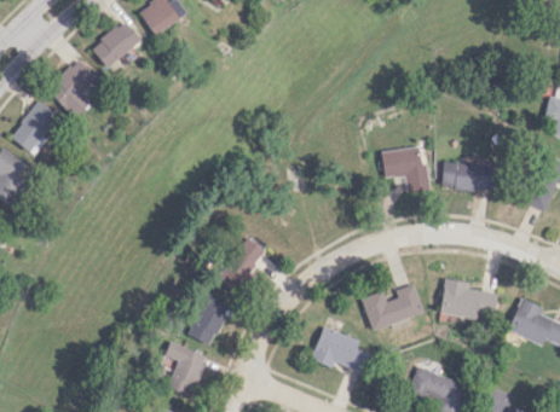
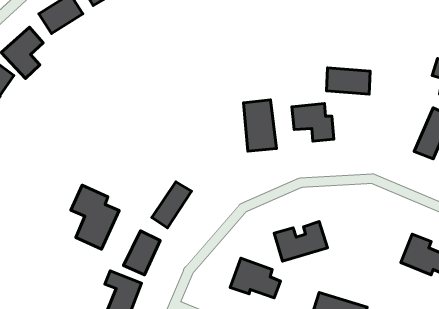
building: none -> [243,100,276,151]
building: [441,161,492,191] -> [326,68,370,94]
building: none -> [71,185,119,249]
building: [439,278,498,321] -> none

